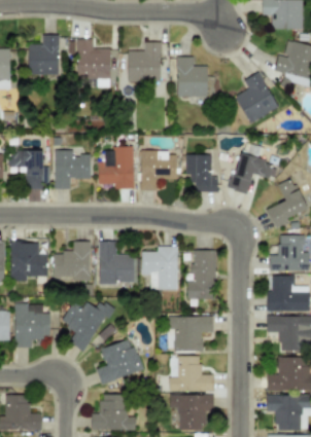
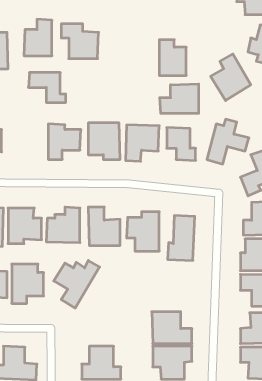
building: [128,41,161,81] -> none
building: none -> [160,84,199,113]
building: [8,150,49,183] -> [28,73,66,102]
building: [169,315,213,352] -> none
building: [96,337,142,385] -> none

